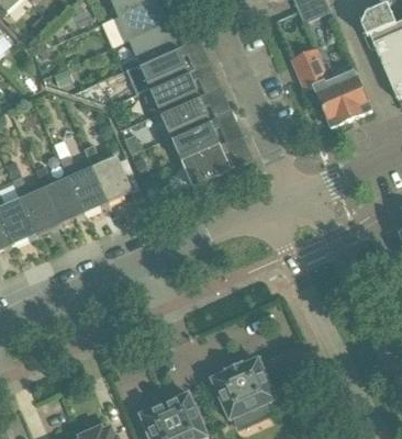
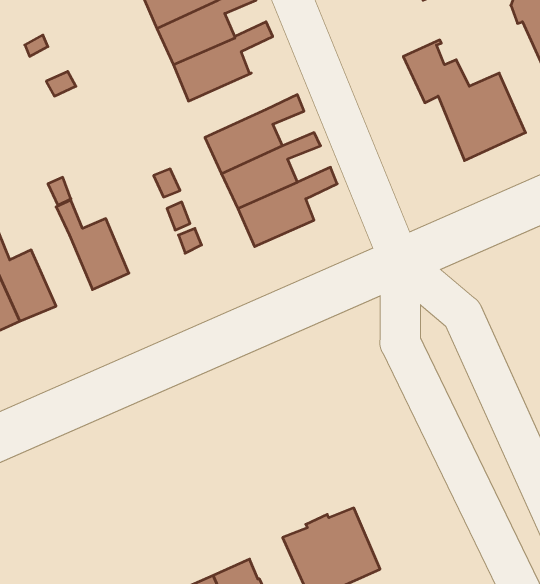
building: [148,58,215,111] -> none
building: [85,143,134,201] -> none
building: [36,164,85,223] -> none

